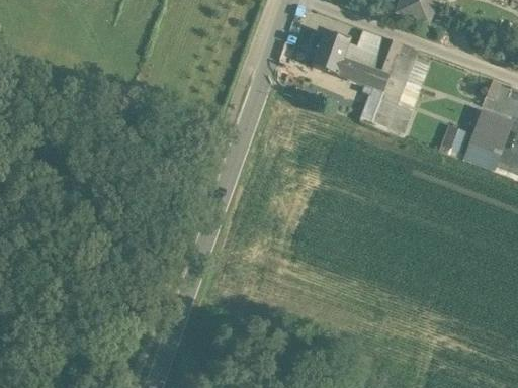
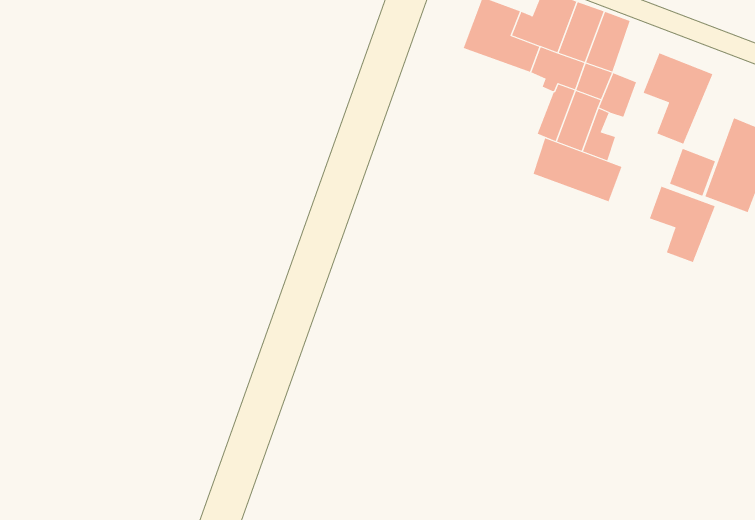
building: none -> [643,52,713,145]
building: none -> [533,138,622,202]
building: none -> [649,186,715,263]

